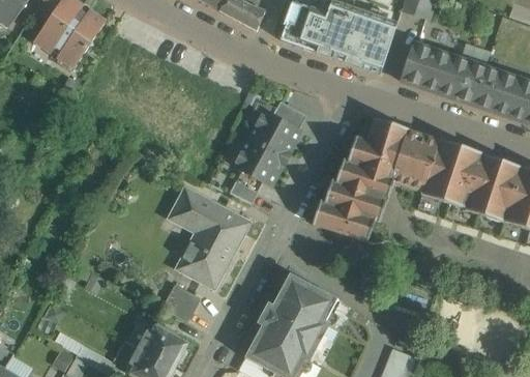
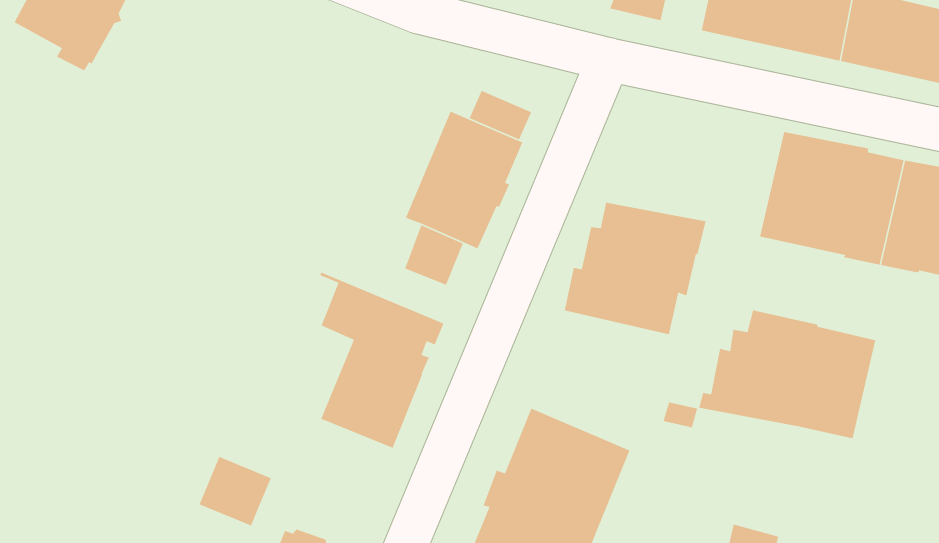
building: [341,117,439,192] -> [698,309,876,439]
building: [161,283,202,322] -> [199,456,272,527]

